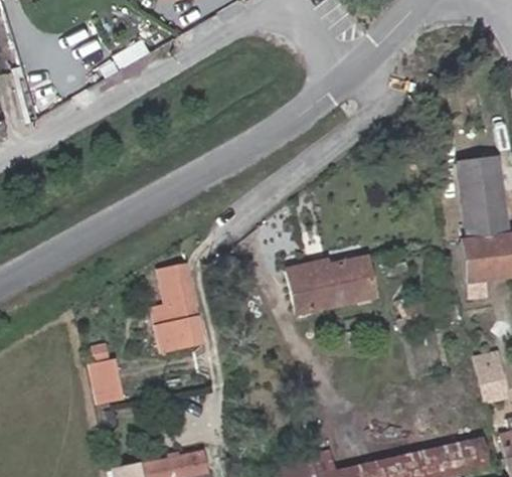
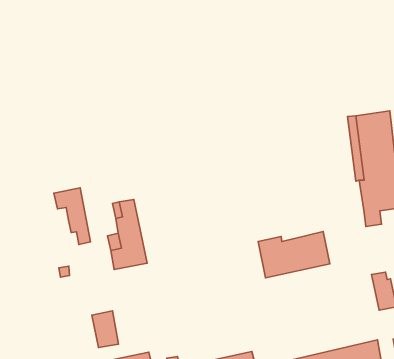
building: none -> [54,188,90,245]
building: [289,258,376,314] -> [258,232,330,278]
building: [91,360,123,405] -> [92,311,118,347]

